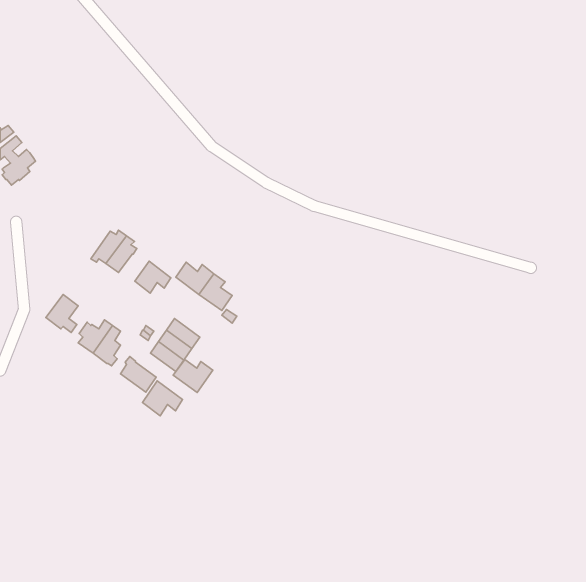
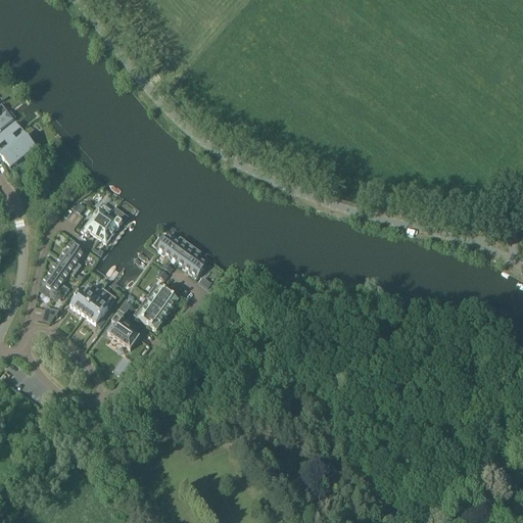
building: [135,261,171,293] -> none
building: none -> [57,242,85,274]
building: [173,359,213,393] -> none
building: [142,381,183,416] -> none

